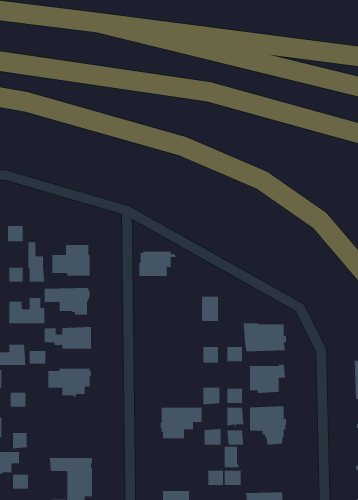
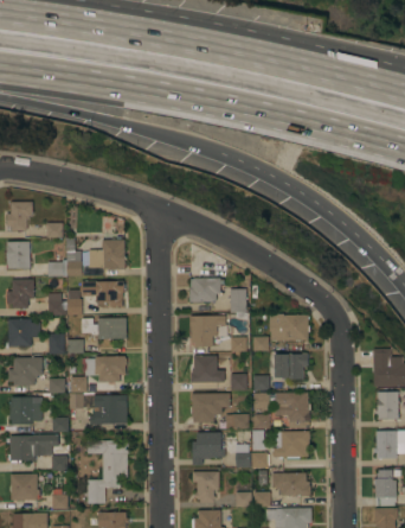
building: [139,251,176,276] -> [188,279,224,303]
building: none -> [189,316,225,348]
building: none -> [189,356,224,383]
building: none -> [68,377,127,425]
building: none -> [271,432,309,458]
building: none -> [191,433,224,466]

